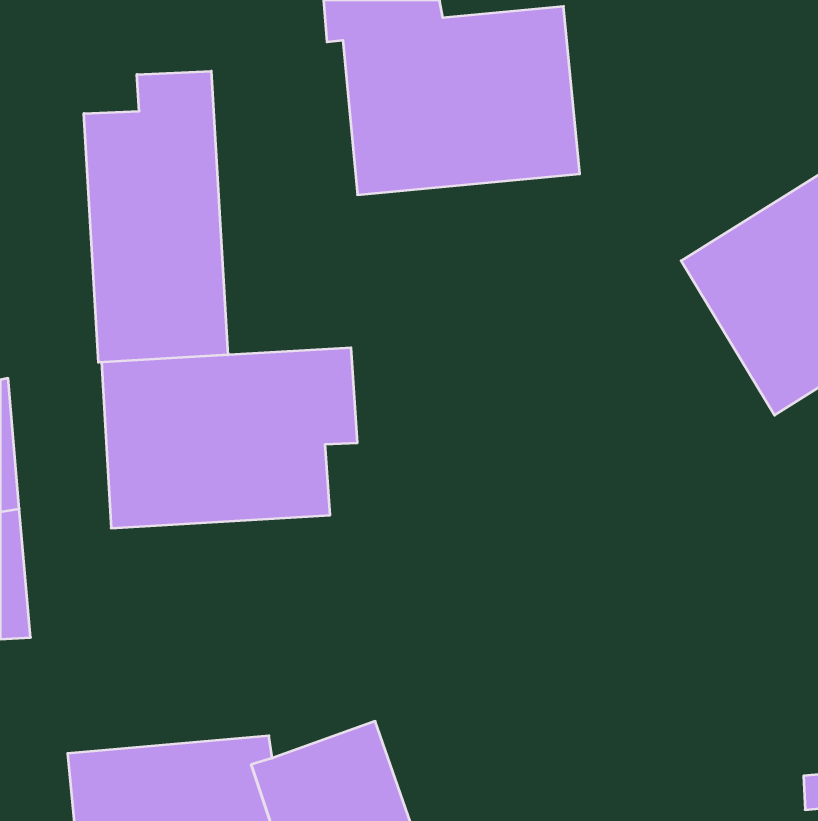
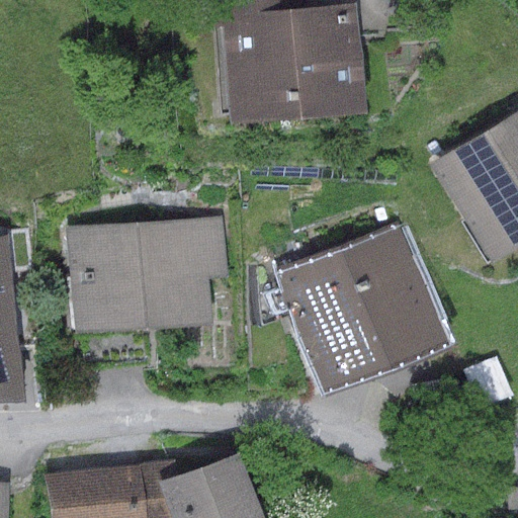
building: [84,71,228,362] -> none
building: none -> [275,223,448,396]

